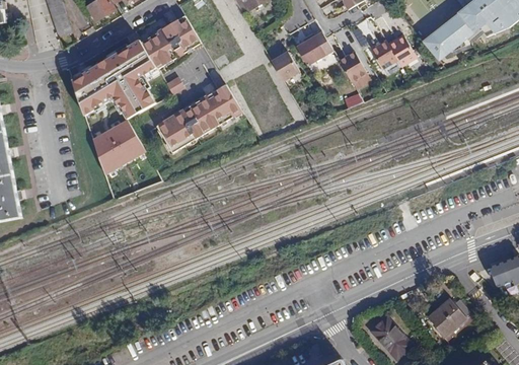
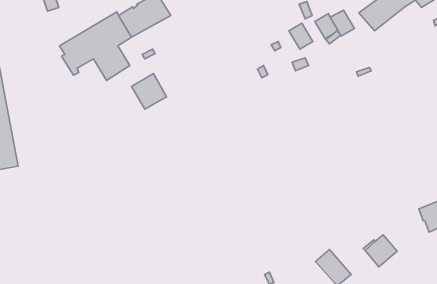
building: [296,30,332,65] -> none
building: [270,51,298,80] -> none
building: [180,83,241,137] -> none
building: [92,120,145,174] -> none

